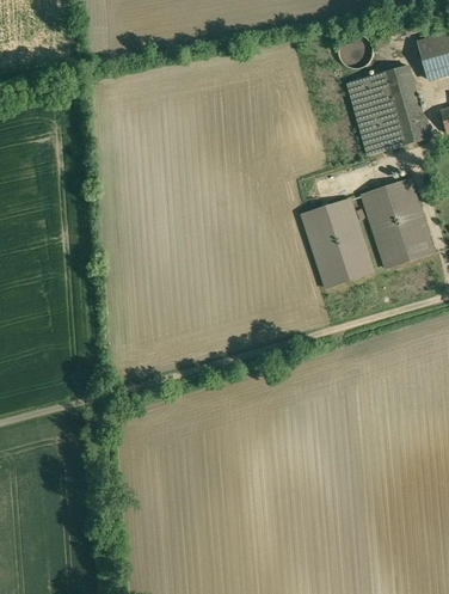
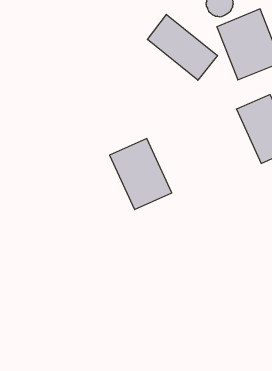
building: none -> [147,14,218,80]
building: [297,196,374,288] -> [110,139,172,210]

